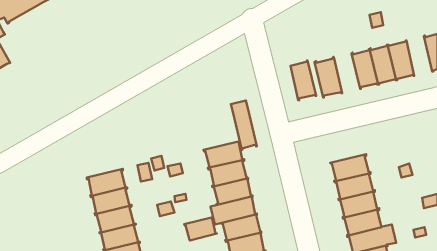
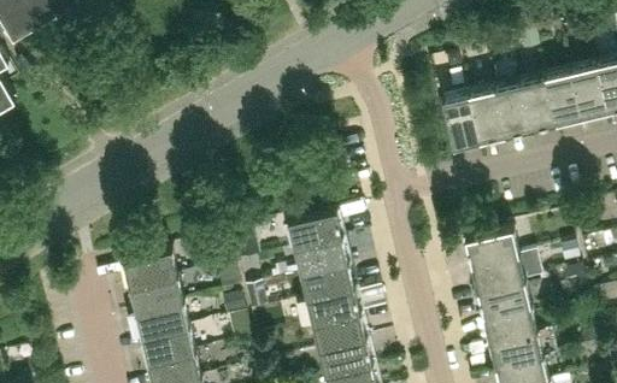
building: none -> [571,66,607,122]
building: [290,61,316,100] -> [470,90,506,146]
building: [231,101,257,150] -> none
building: [184,217,217,240] -> none

